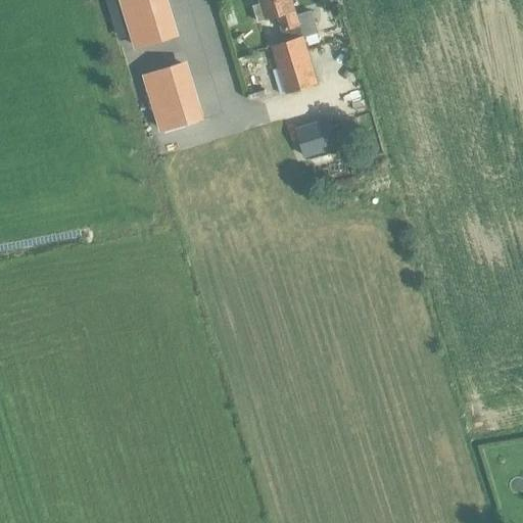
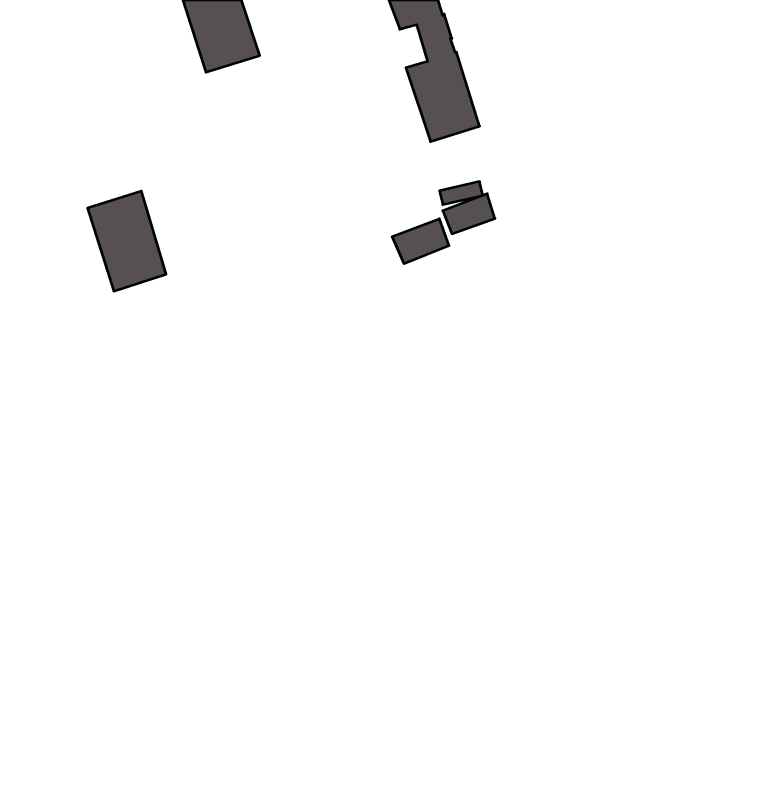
building: [145,64,197,131] -> [88,191,166,291]
building: none -> [392,219,449,264]

